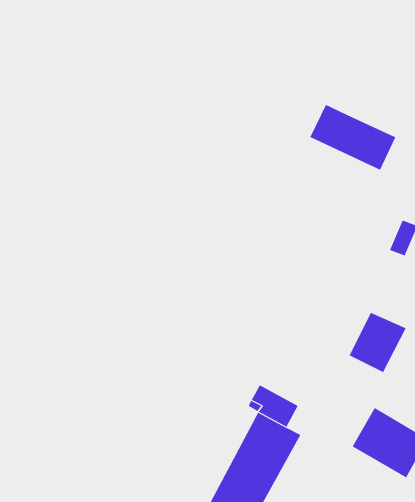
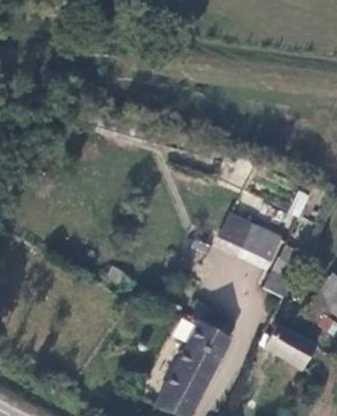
building: [310,104,396,170] -> [221,214,281,260]

